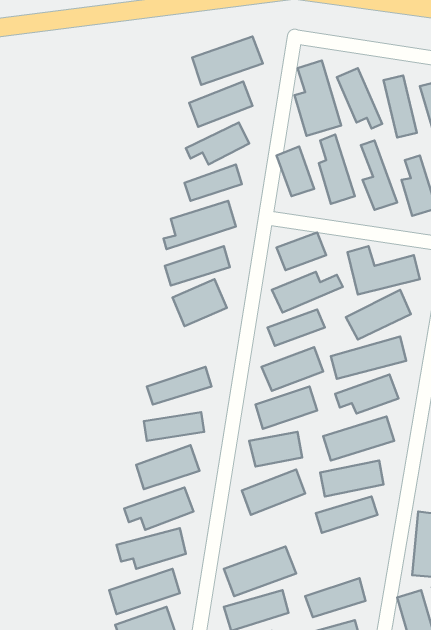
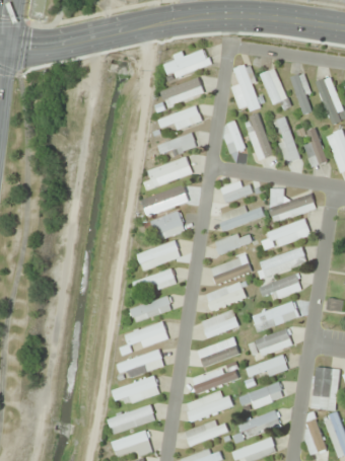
building: none -> [136,240,181,271]
building: none -> [190,363,237,394]
building: none -> [238,386,283,405]

